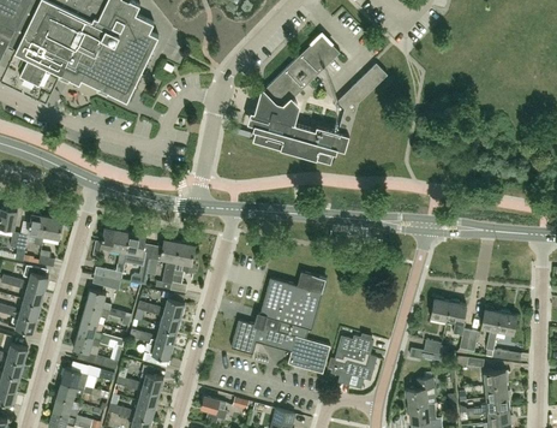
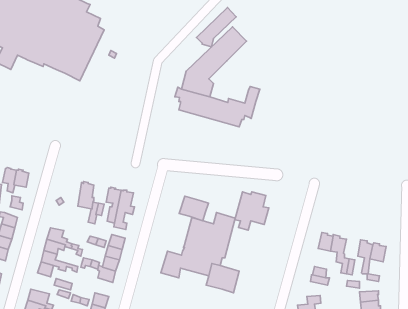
building: [336,64,387,114] -> [196,7,236,47]
building: [94,228,128,280] -> none
building: none -> [179,196,208,221]
building: [331,337,375,386] -> [235,192,269,230]

